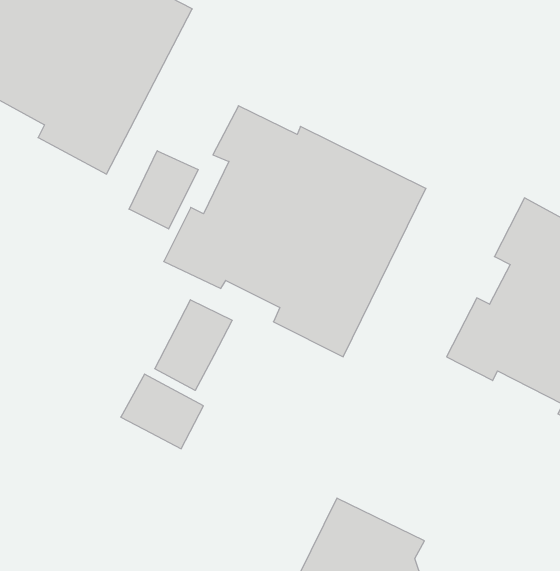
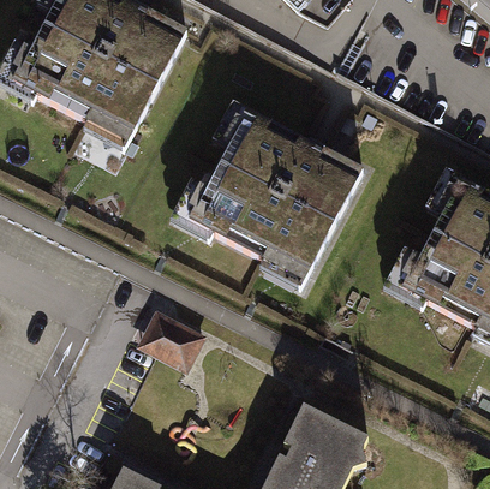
building: [129,151,198,229] -> none
building: [155,300,232,390] -> none

